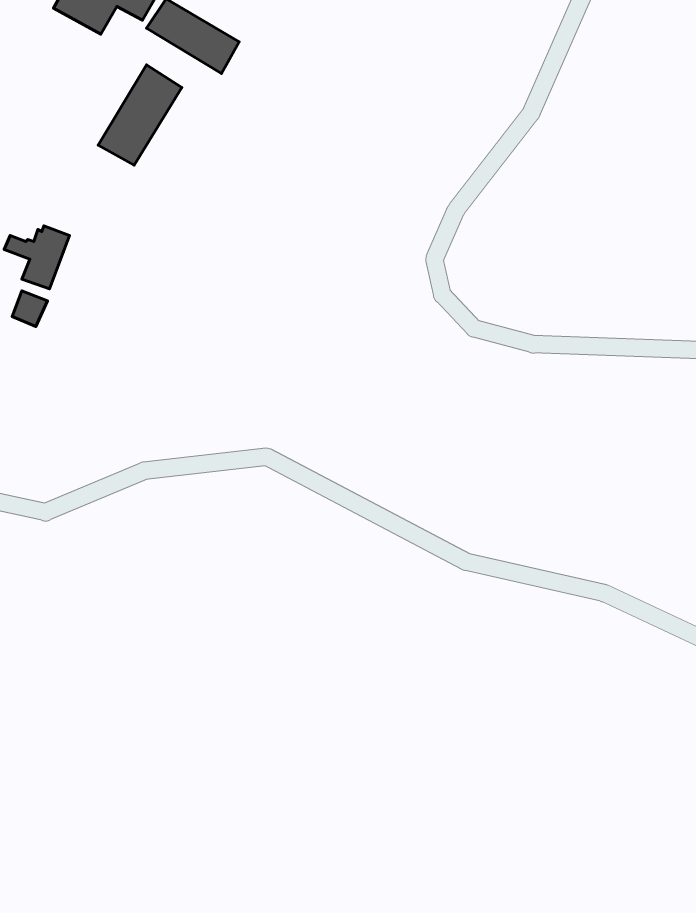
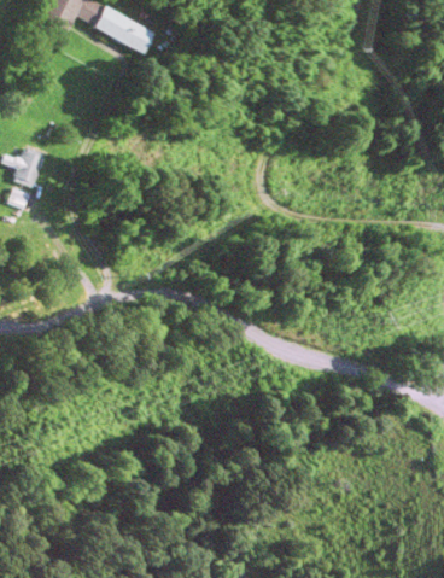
building: [98,65,182,165] -> none

